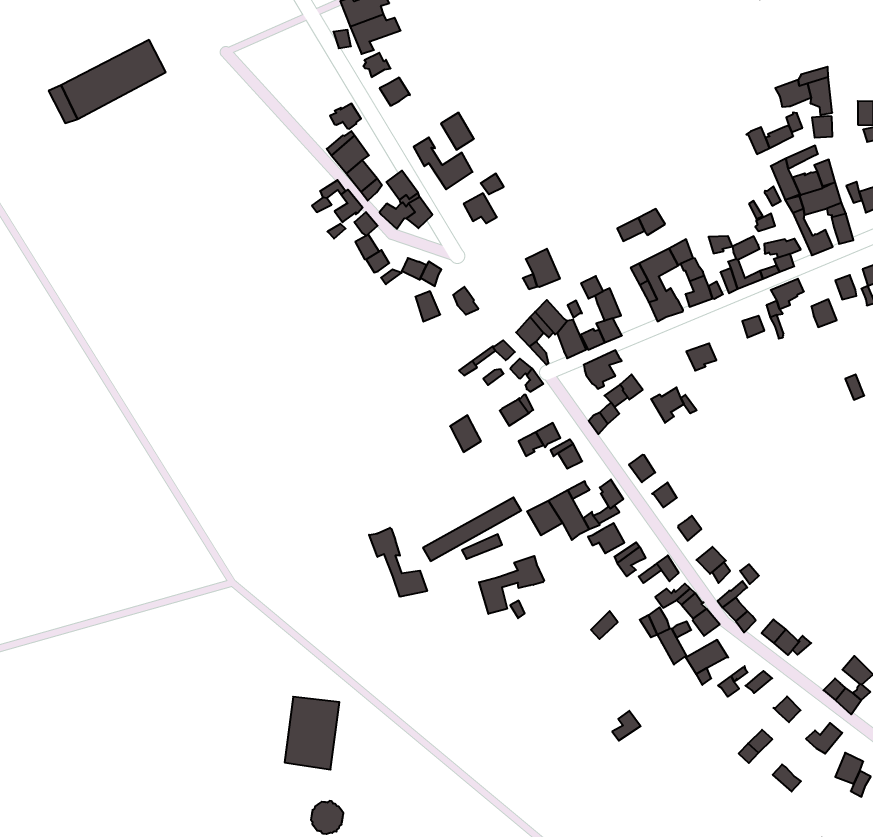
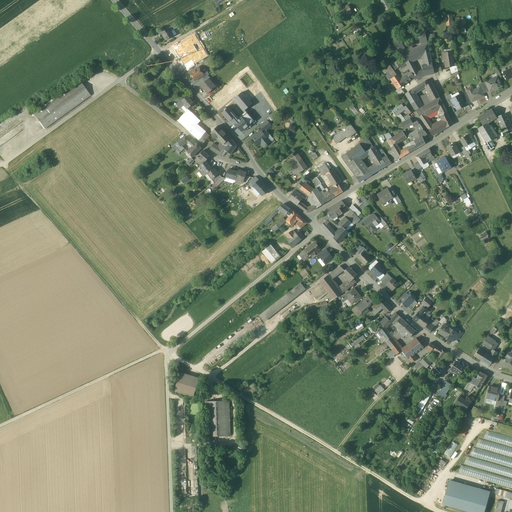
building: [369,528,427,597] -> none
building: [479,556,544,614] -> none
building: none -> [174,371,199,396]

